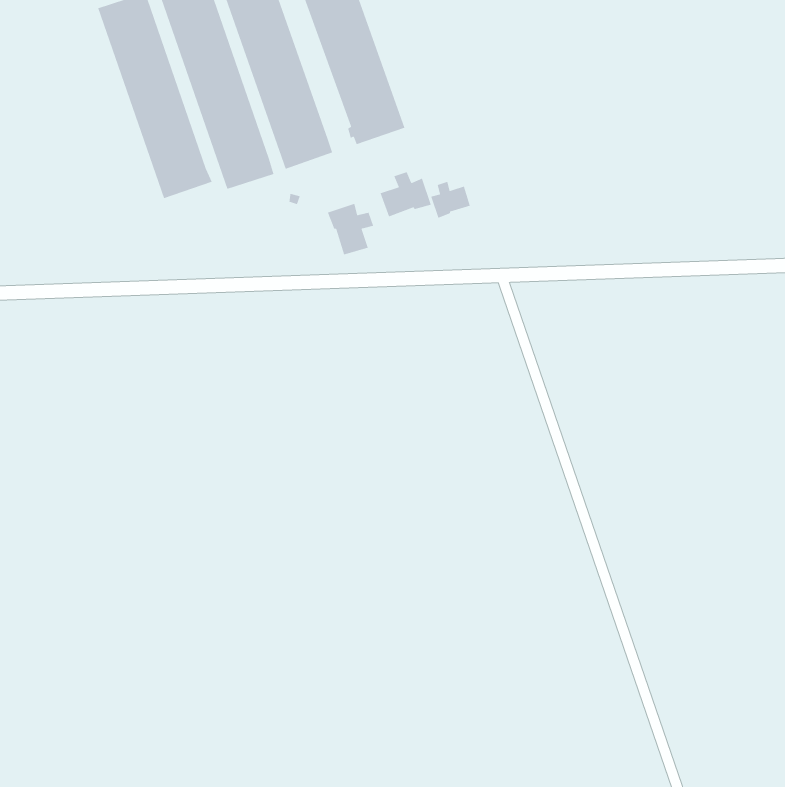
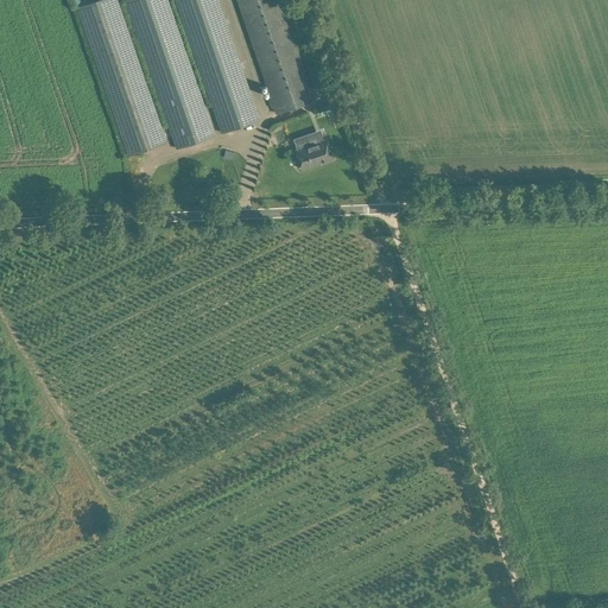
building: [430,181,471,219] -> none
building: [327,203,374,256] -> none

